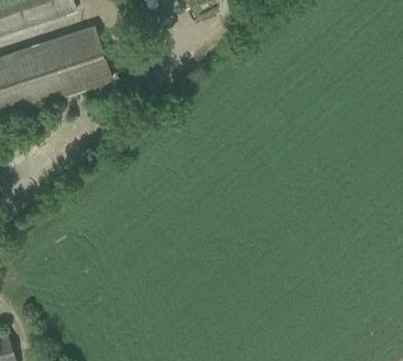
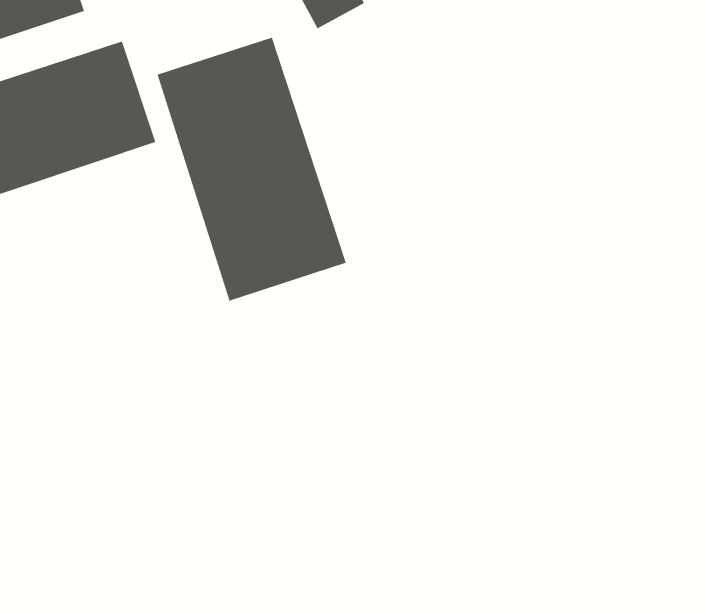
building: none -> [157,37,346,302]

